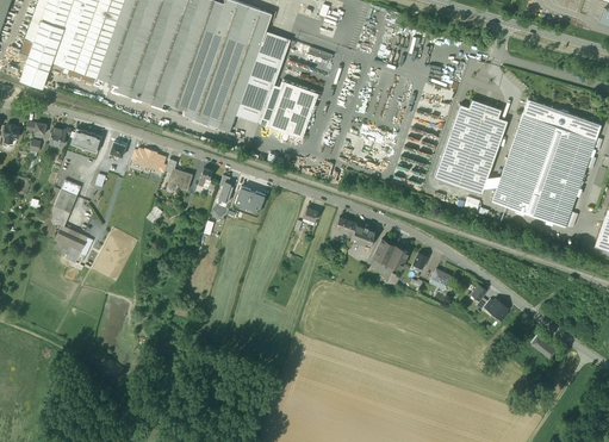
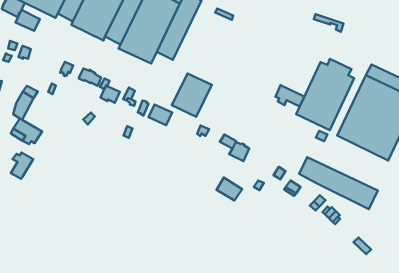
building: [267,82,318,139] -> [172,73,212,117]
building: [72,127,104,154] -> [16,10,40,31]
building: none -> [276,85,304,106]
building: none -> [299,157,378,209]
building: [373,239,408,269] -> [216,177,242,201]
building: none -> [11,153,33,179]

